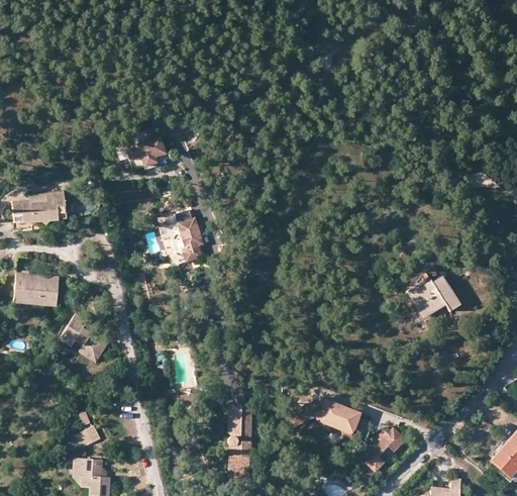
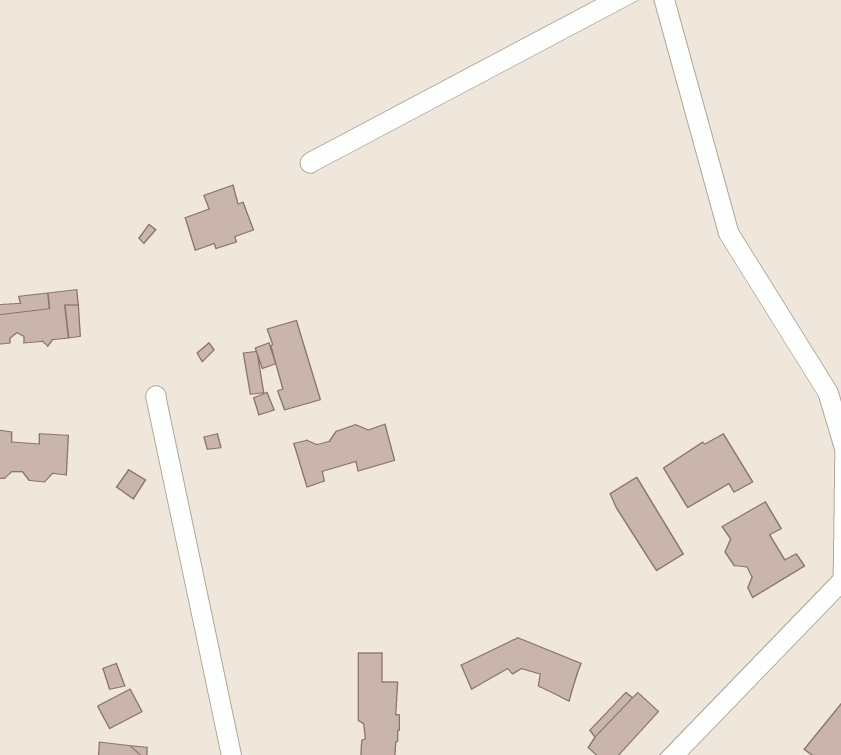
building: none -> [294,424,395,487]
building: none -> [610,477,683,571]
building: [60,313,105,359] -> none
building: none -> [722,502,805,598]

